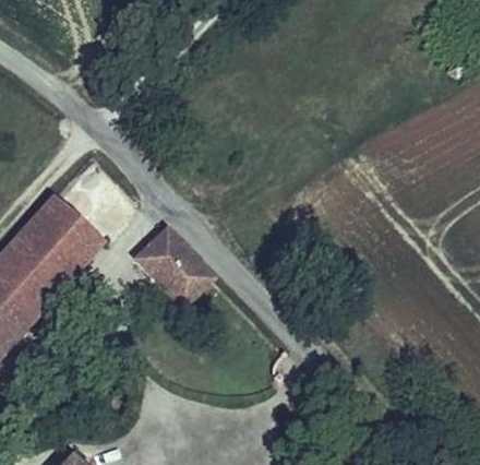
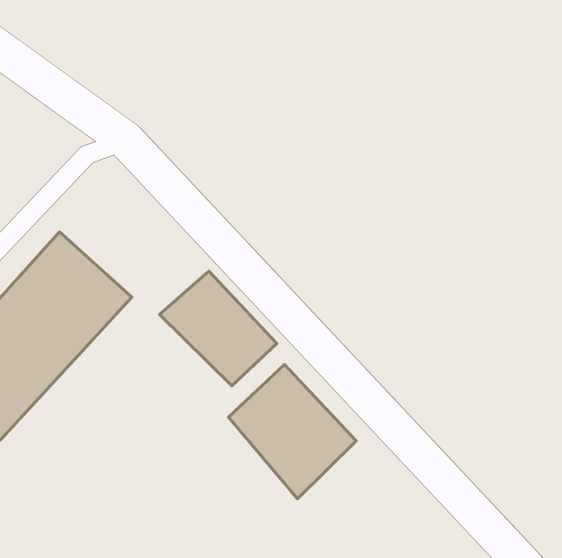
building: none -> [228,364,356,499]

